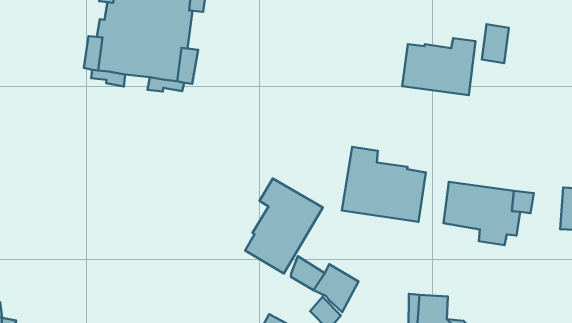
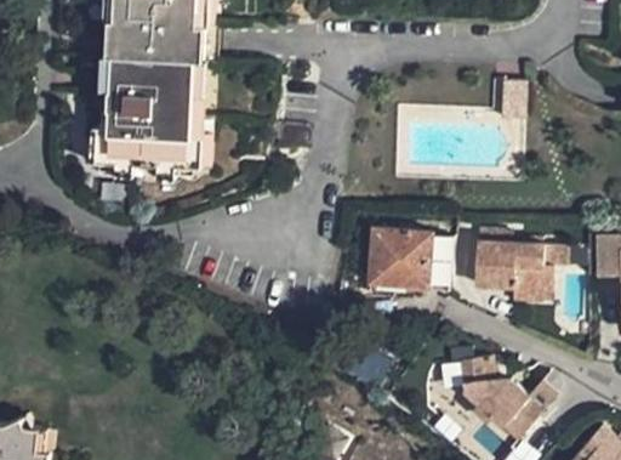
building: [402,38,476,95] -> none
building: [245,178,323,273] -> none

